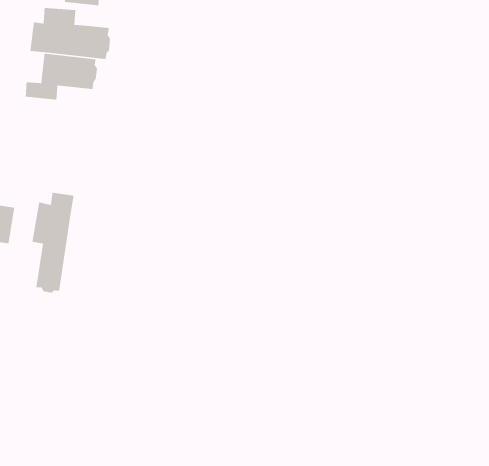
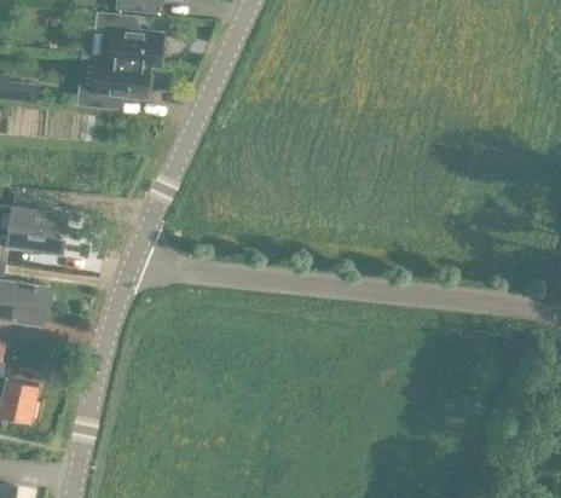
building: [31,192,75,293] -> none

